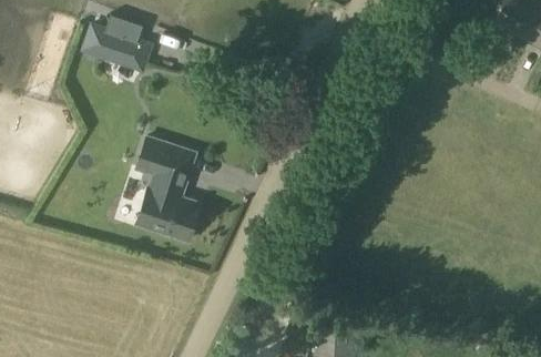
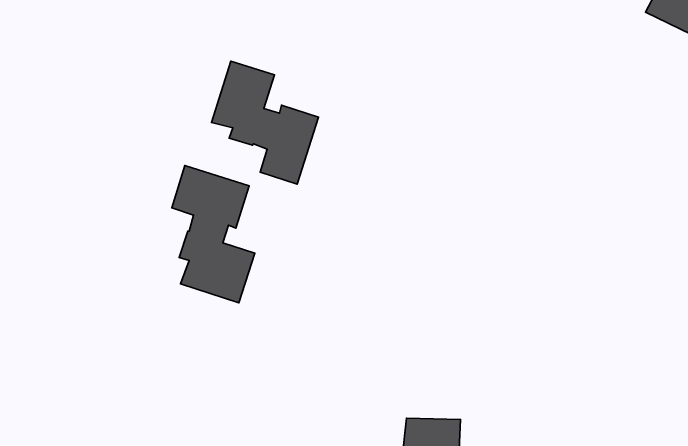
building: [82,20,141,63] -> none
building: none -> [212,61,318,184]

